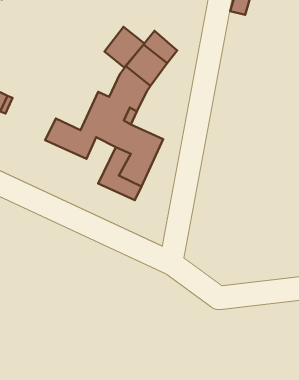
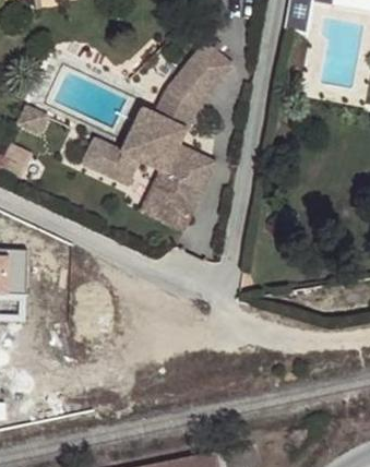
building: [104,27,144,67] -> none

